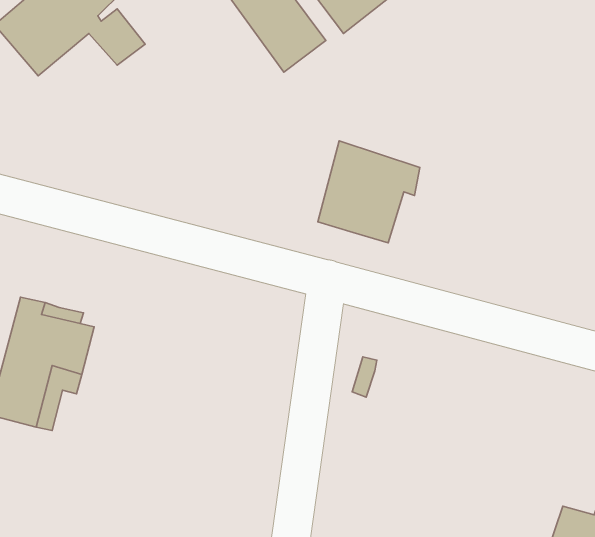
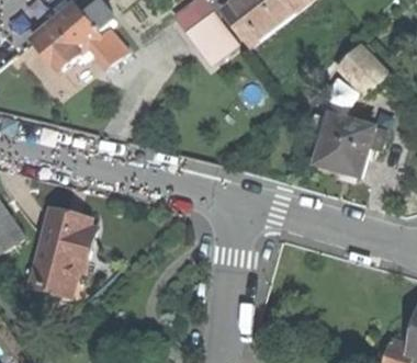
building: none -> [338,43,385,92]
building: [318,141,420,243] -> [314,112,377,175]

